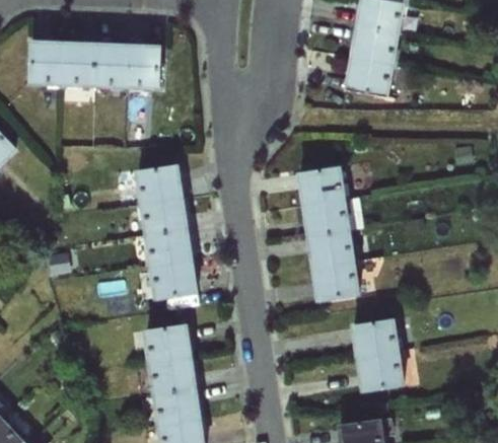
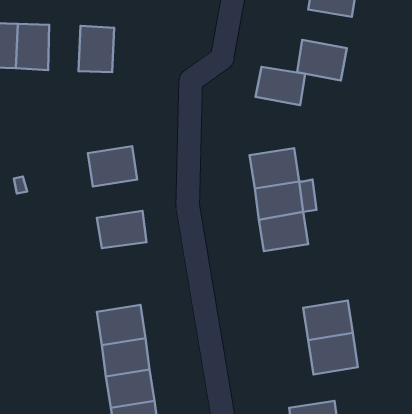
building: [349,26,399,65] -> [256,67,305,105]
building: [94,42,127,88] -> none
building: [139,197,189,235] -> none
building: [148,260,198,300] -> none
building: [310,262,360,301] -> none

